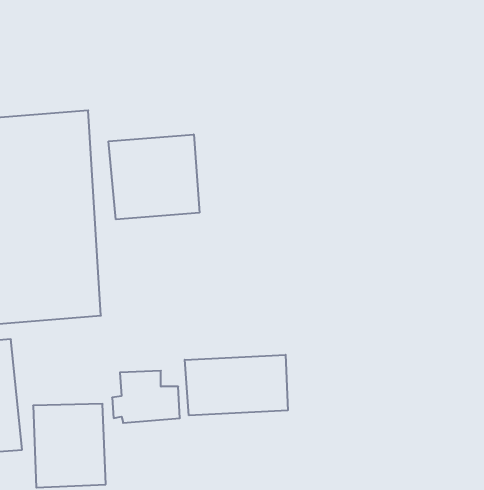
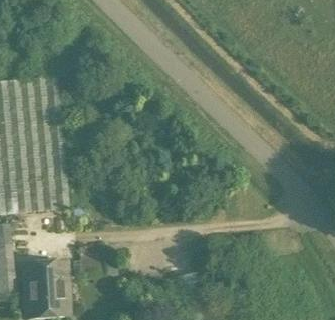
building: [109,134,199,219] -> none
building: [185,355,288,415] -> none

